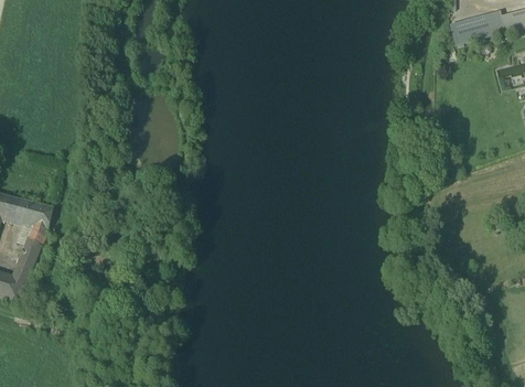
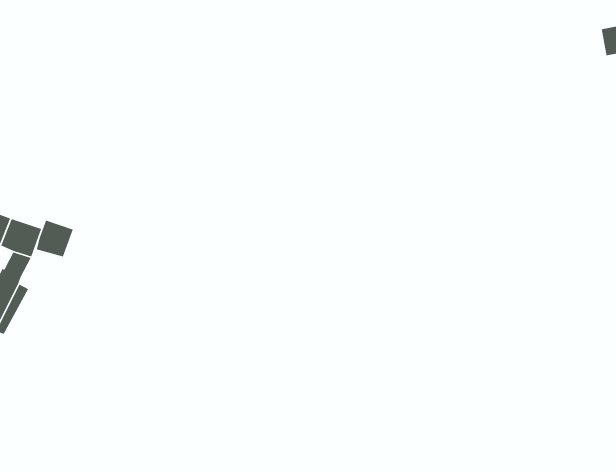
building: none -> [36,219,74,258]

